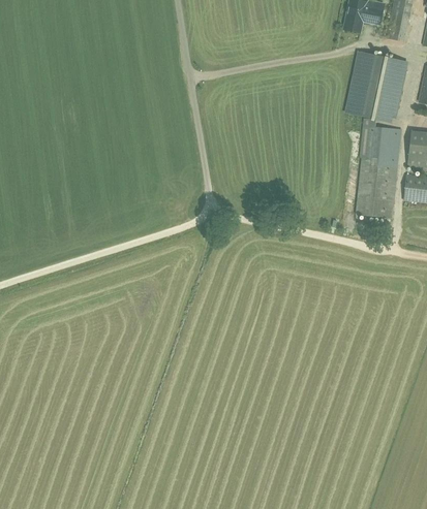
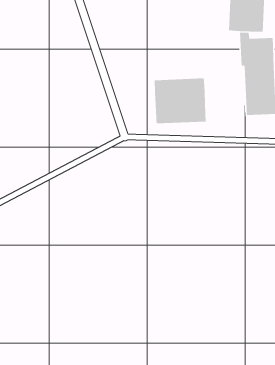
building: none -> [154,78,206,124]

